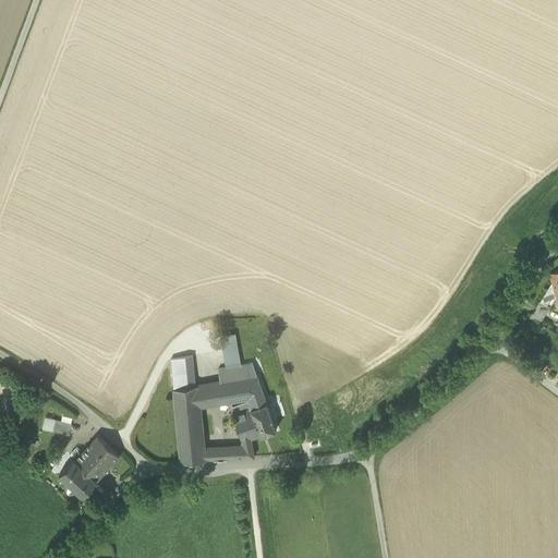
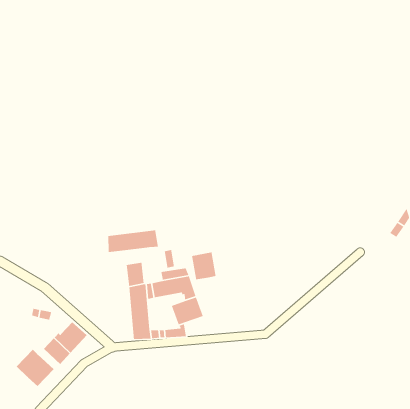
building: none -> [108,229,159,253]
building: none -> [191,251,217,280]
building: none -> [16,349,55,387]

